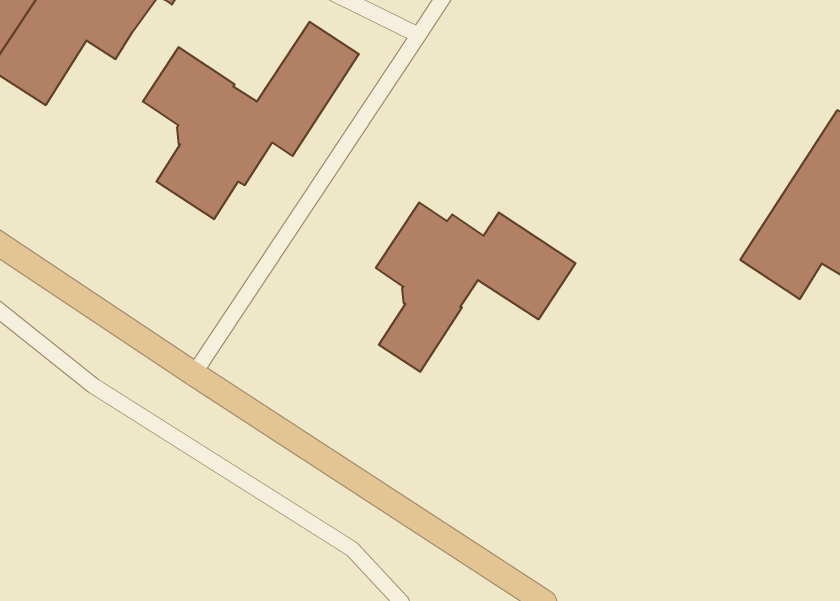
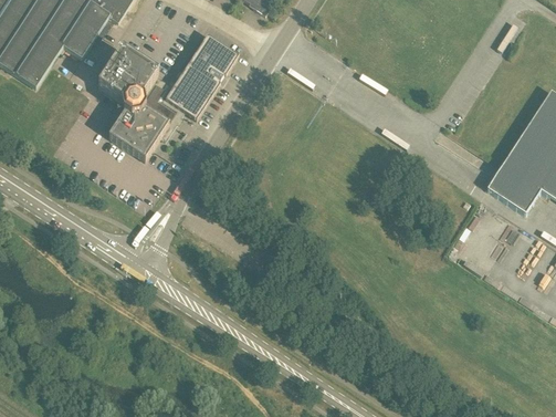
building: [376,202,575,372] -> none

